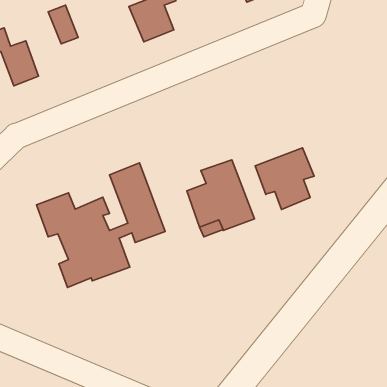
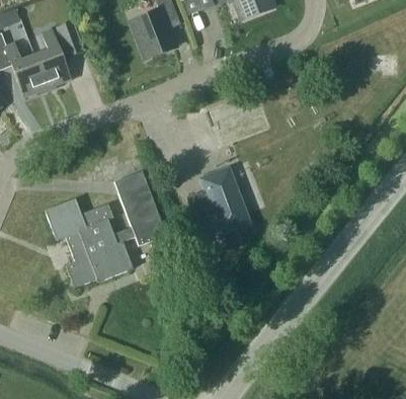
building: none -> [34,27,70,87]
building: [255,148,314,209] -> none

